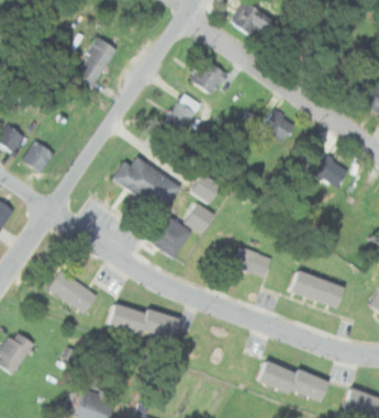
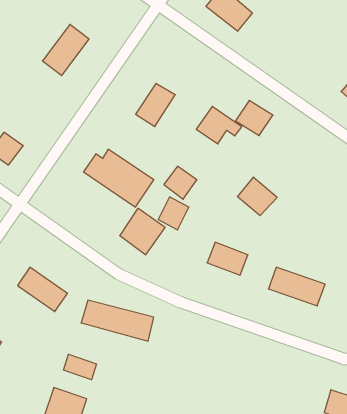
building: [191,59,235,95] -> [196,106,242,144]
building: [311,152,349,190] -> [237,177,277,216]
building: none -> [64,354,96,380]
building: [259,359,330,403] -> none

